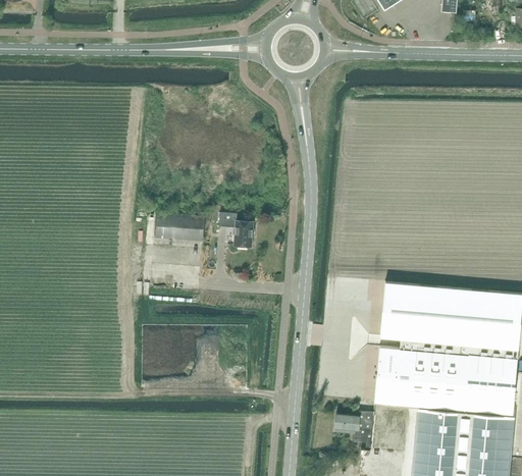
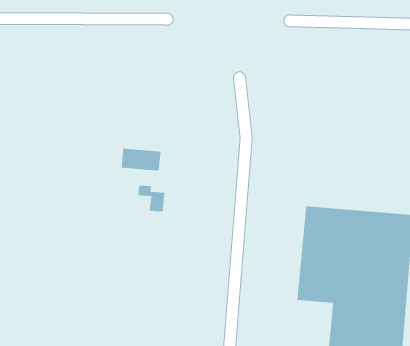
building: [219,213,254,247] -> [138,185,165,212]
building: [334,411,373,441] -> none

